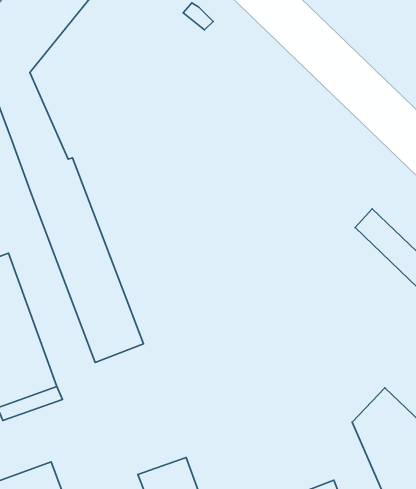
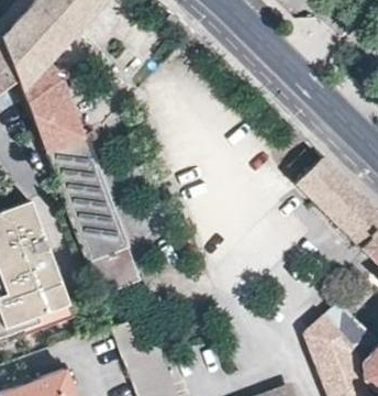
building: none -> [112,317,170,377]

